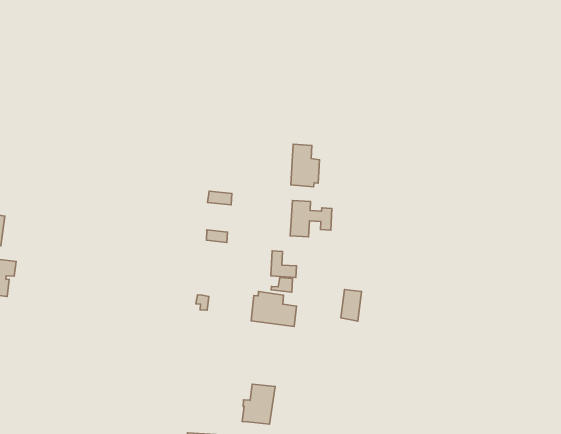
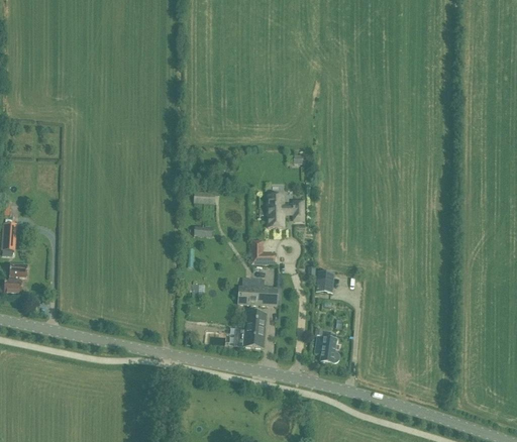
building: [291,144,319,187] -> none
building: none -> [314,329,339,361]
building: [242,384,275,424] -> [238,312,266,346]

